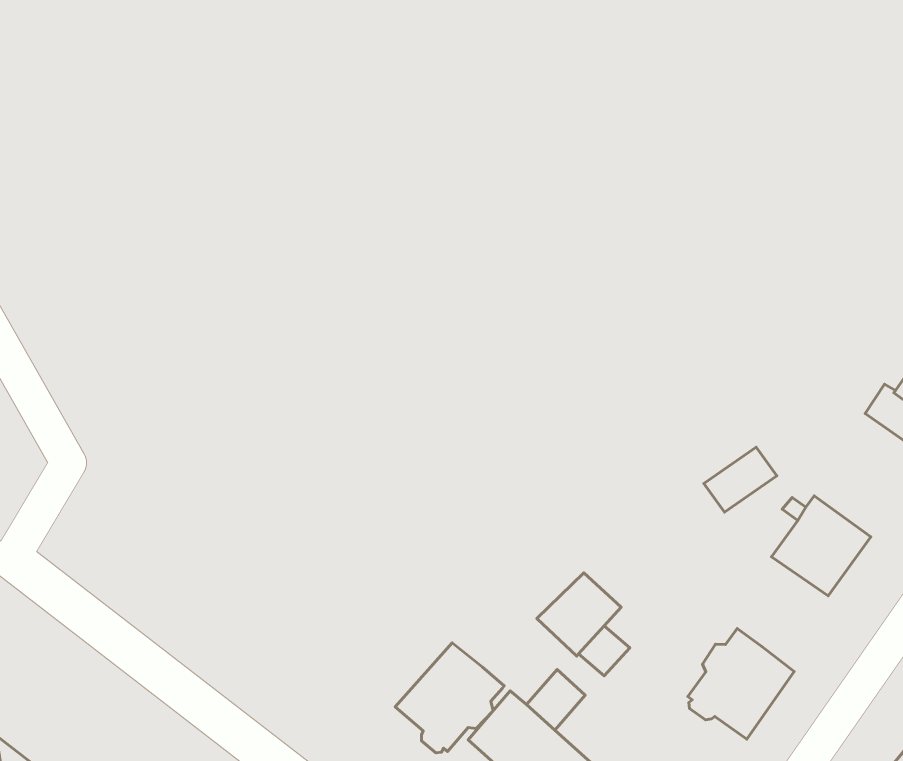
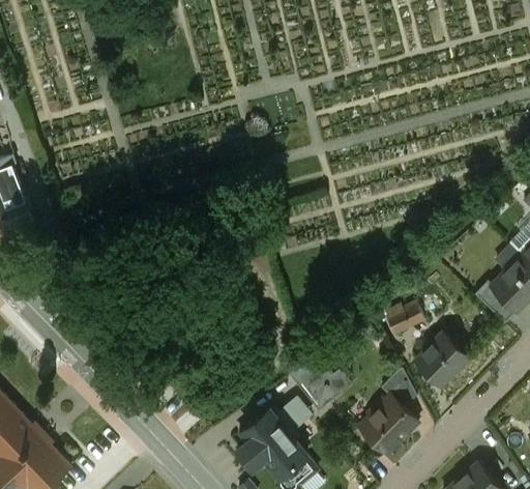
building: none -> [381,369,417,407]
building: [395,643,504,753] -> none

